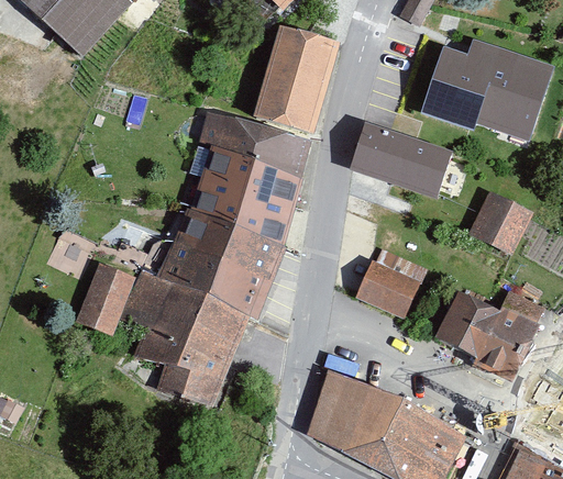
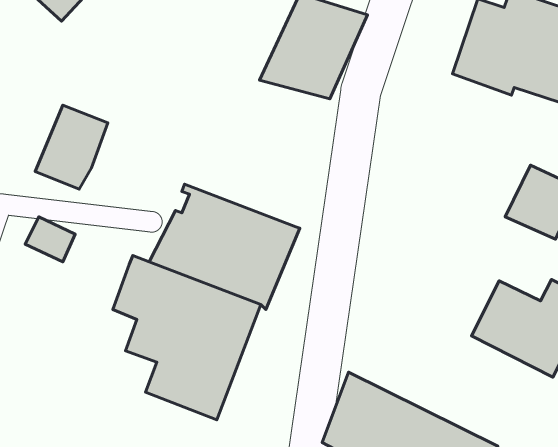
building: [186,109,311,243] -> none
building: [350,120,453,196] -> none
building: [354,258,422,320] -> none
building: [74,260,137,334] -> [35,105,108,189]

